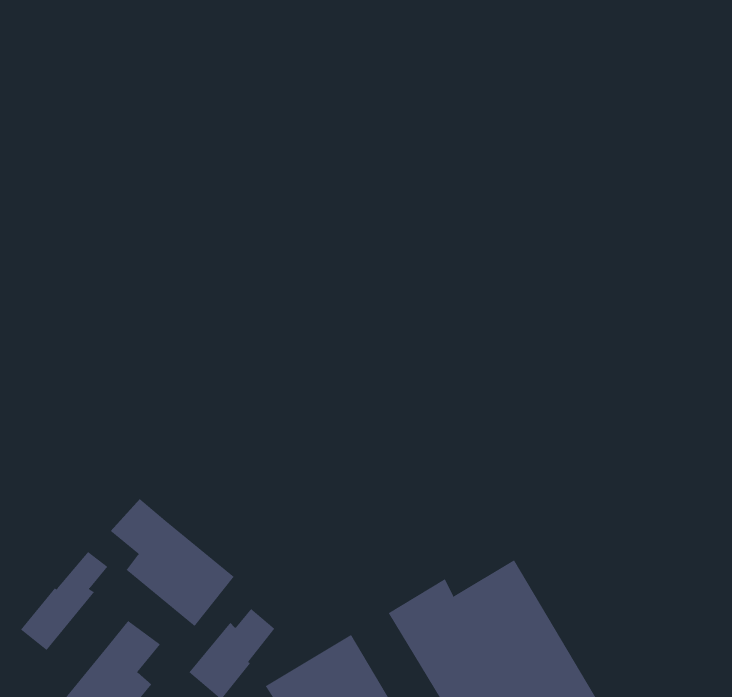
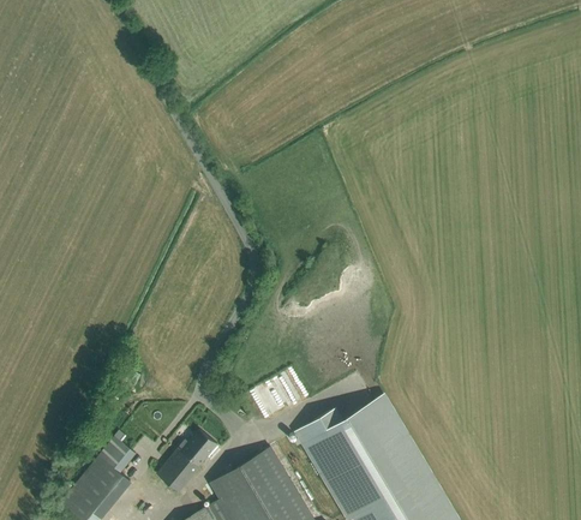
building: [110,498,235,627] -> none
building: [20,551,108,651] -> none

